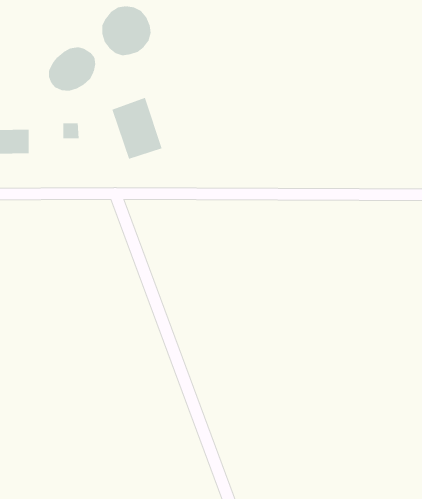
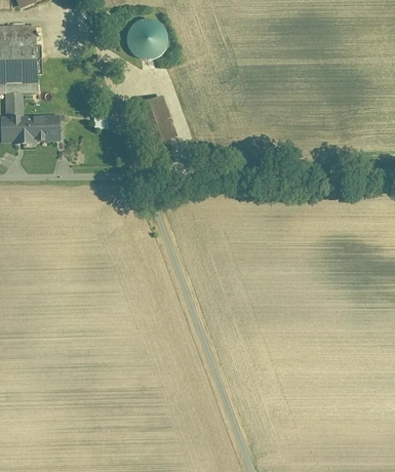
building: [48,47,96,92] -> none

